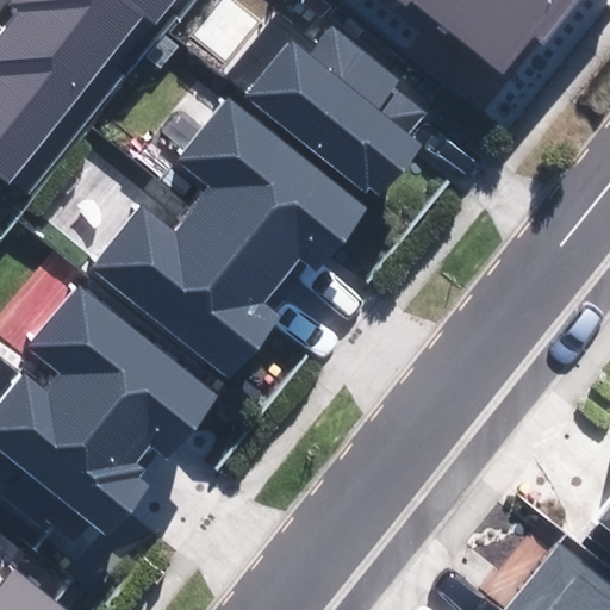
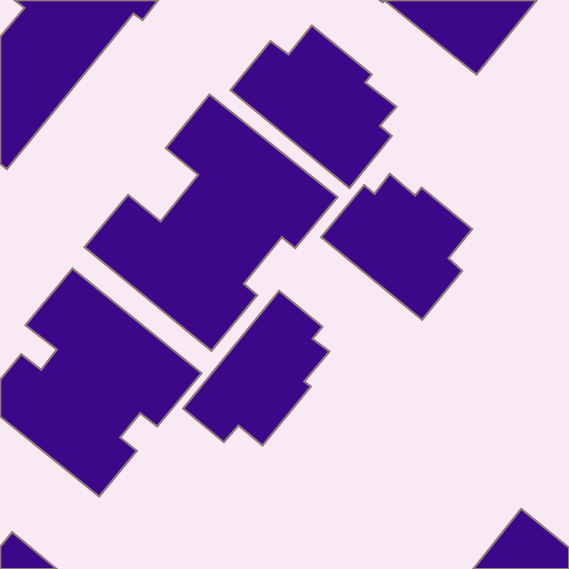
building: none -> [321,174,472,320]
building: none -> [183,291,329,446]

